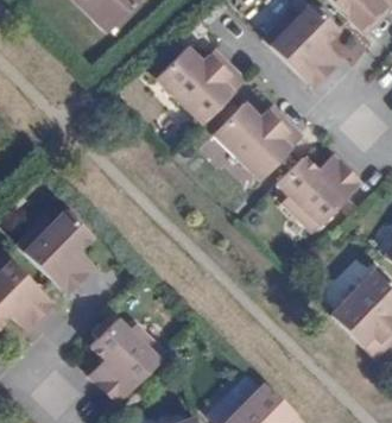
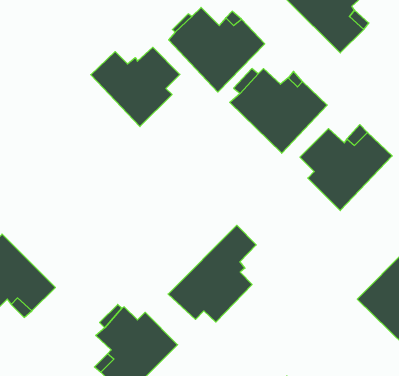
building: none -> [91,47,180,127]
building: [18,207,95,292] -> none
building: none -> [168,225,256,322]

